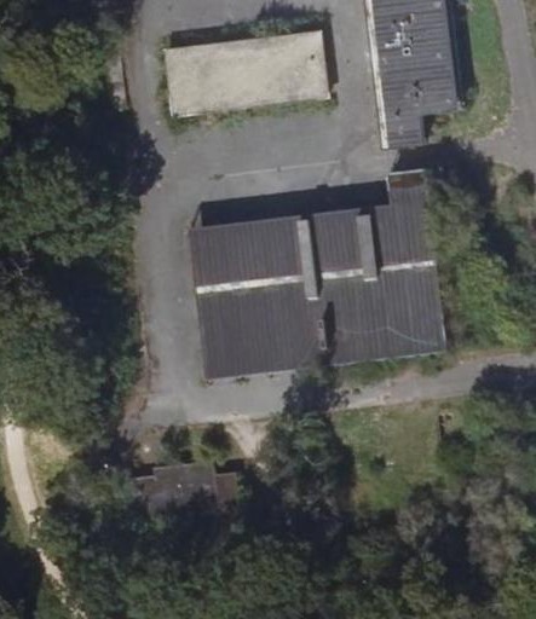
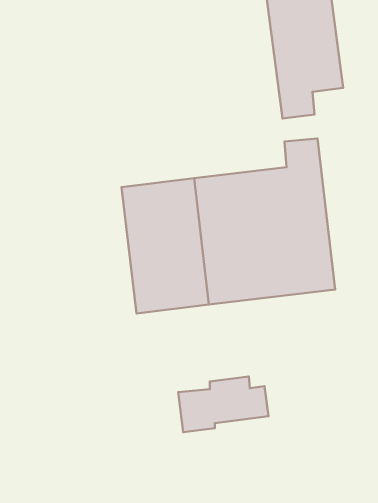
building: [166,28,328,115] -> none
building: [126,461,236,528] -> [178,376,269,432]

